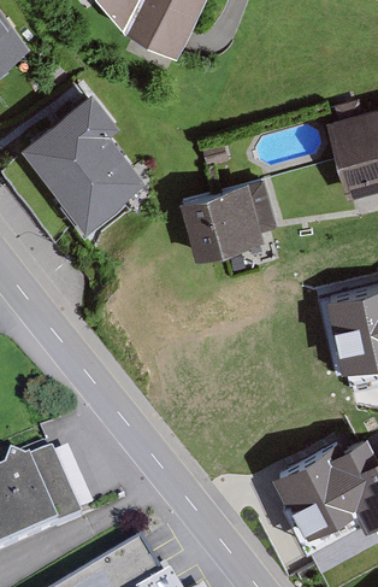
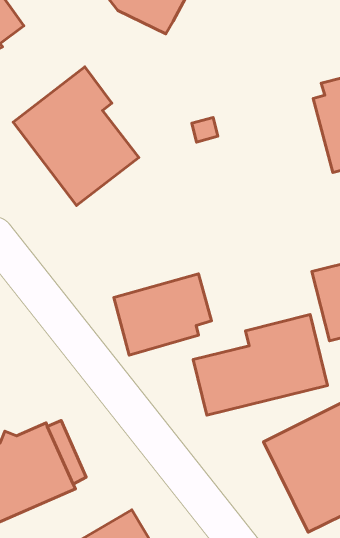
building: [176,180,276,263] -> [114,274,212,355]
building: none -> [193,315,327,415]

